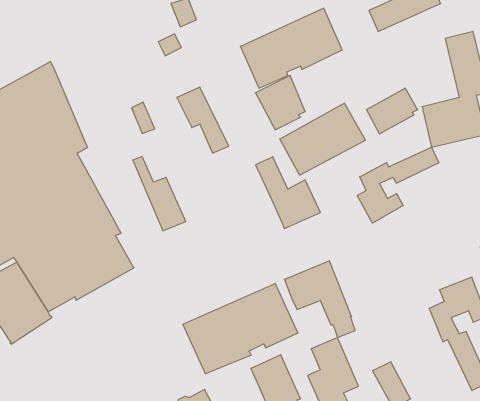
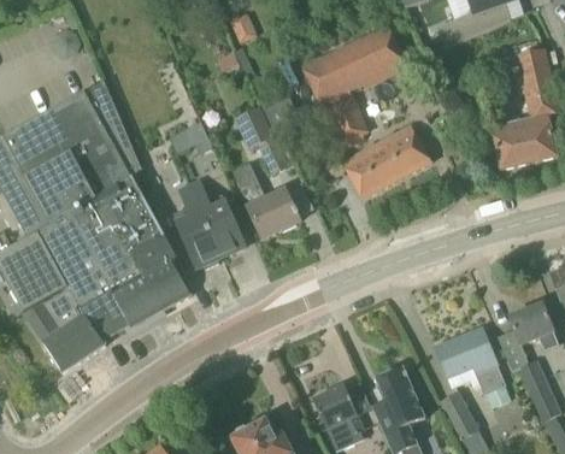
building: [367,88,418,134] -> none
building: [357,147,439,223] -> none
building: [256,157,320,229] -> [231,163,299,237]
building: none -> [176,182,220,269]
building: [284,261,355,337] -> [435,328,508,407]
building: [183,283,298,374] -> none

